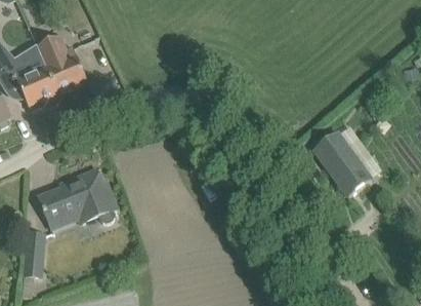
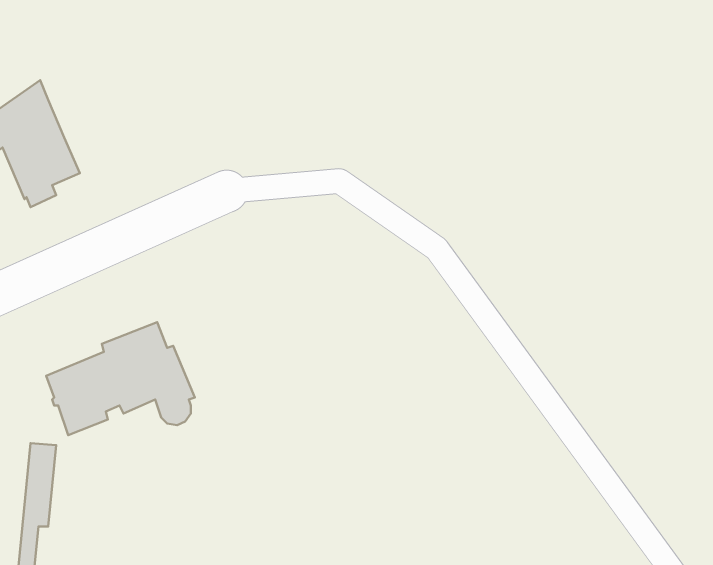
building: [37,35,87,92] -> none
building: [314,132,372,197] -> none

